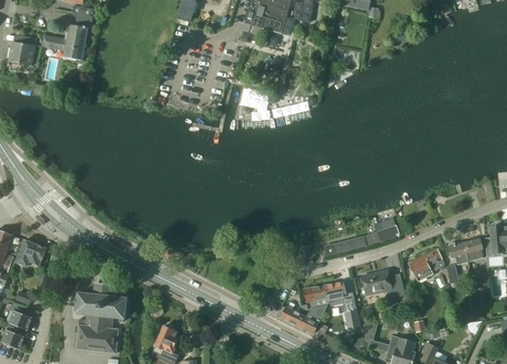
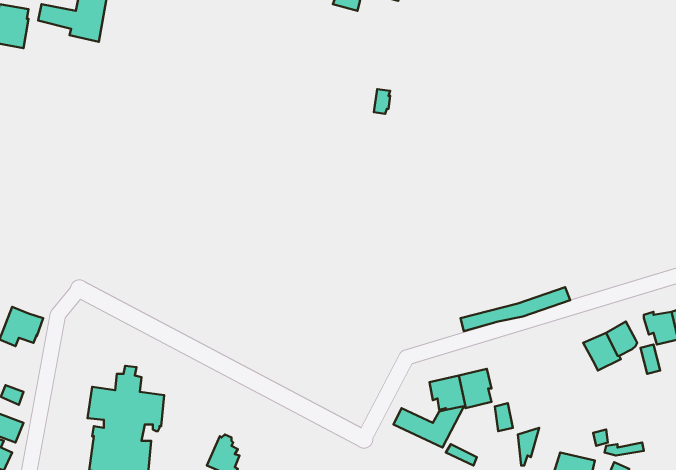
building: [361,269,399,297] -> none

